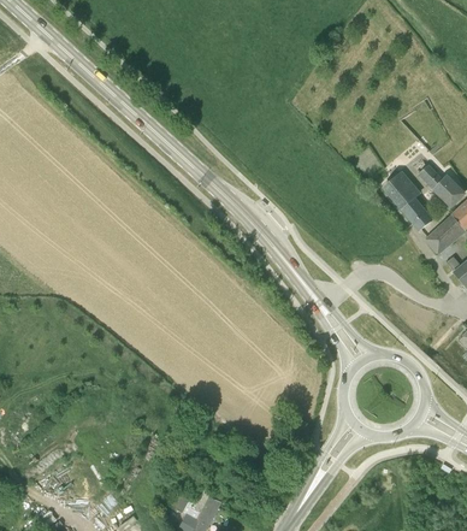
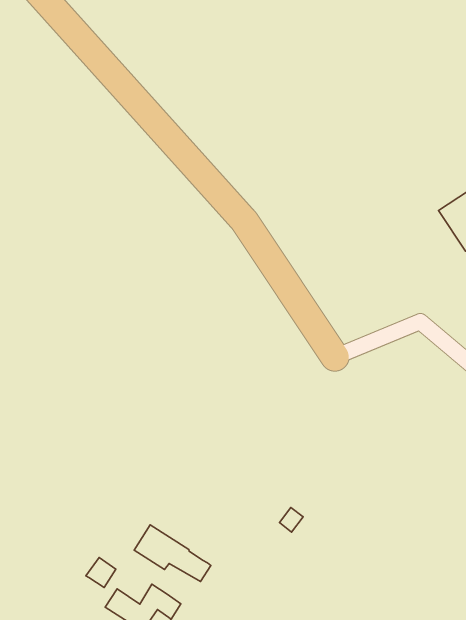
building: none -> [134,525,211,582]

